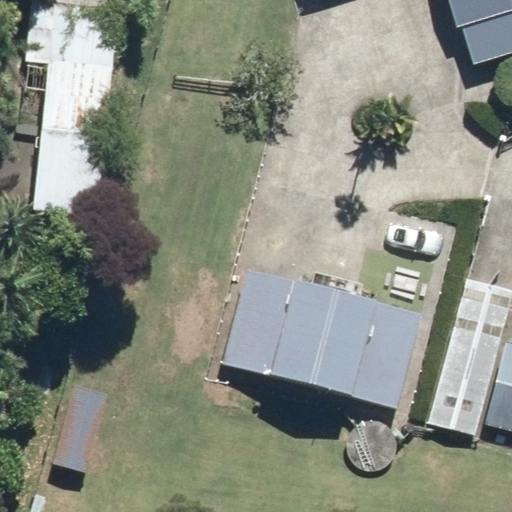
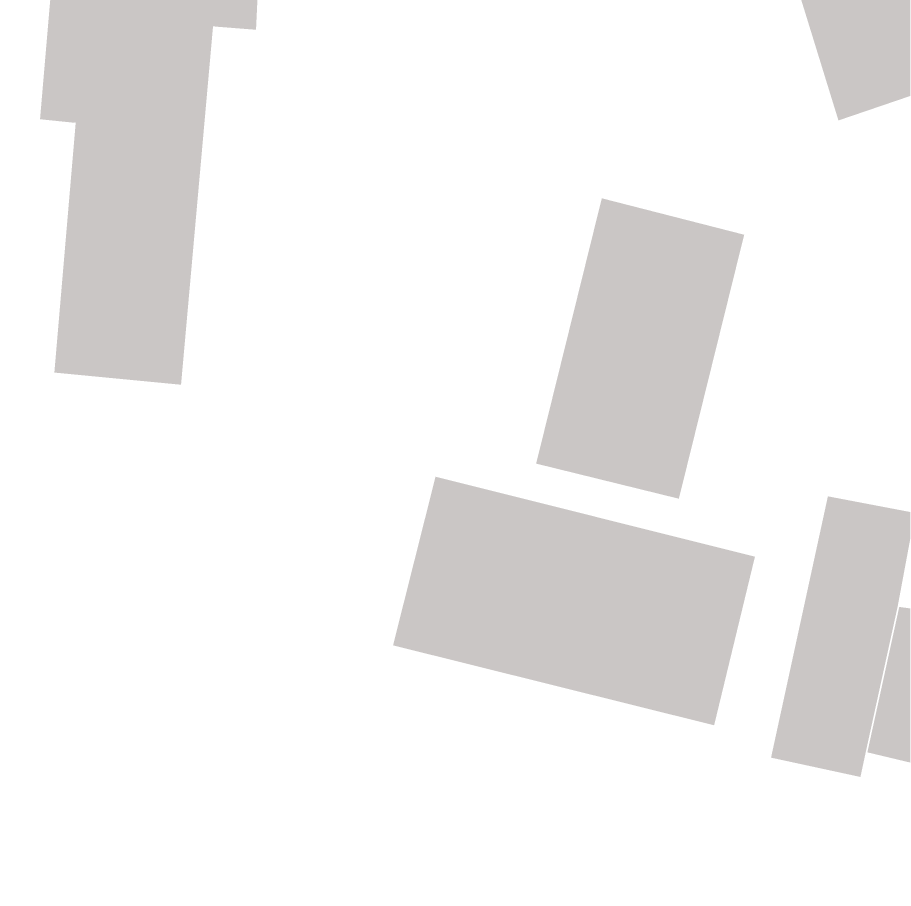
building: none -> [535,198,745,499]

